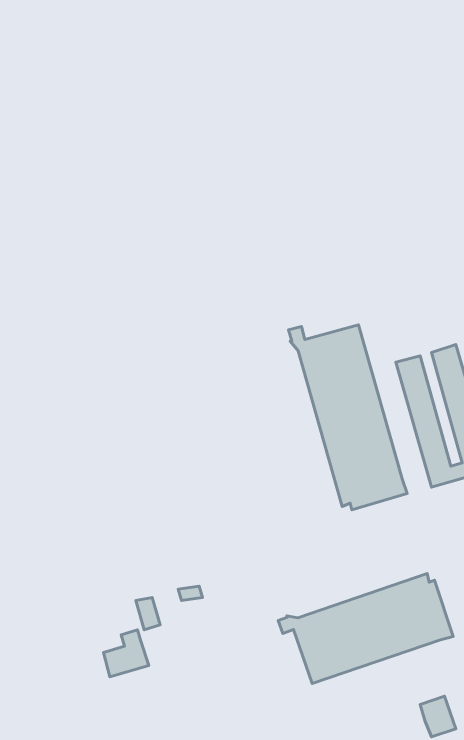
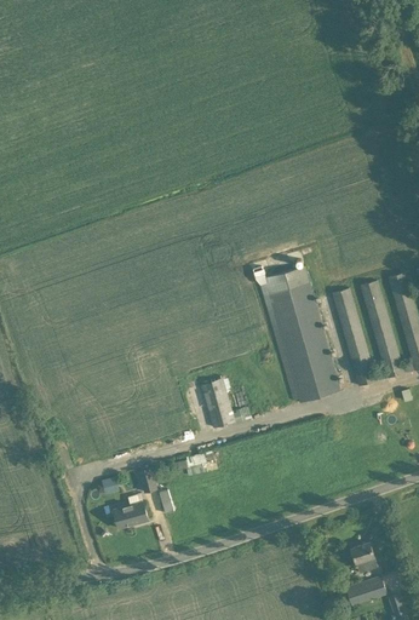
building: none -> [202,378,236,427]
building: [278,574,453,683] -> none

